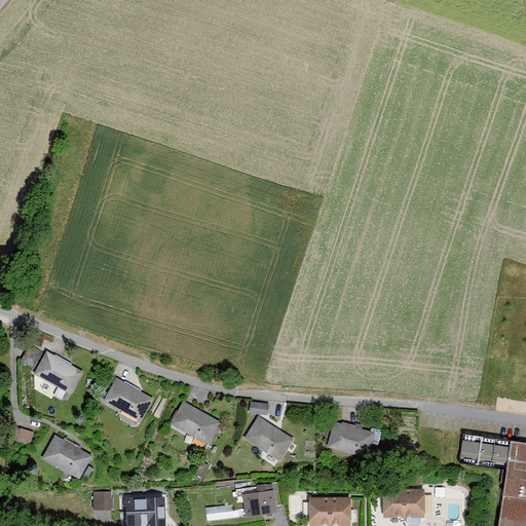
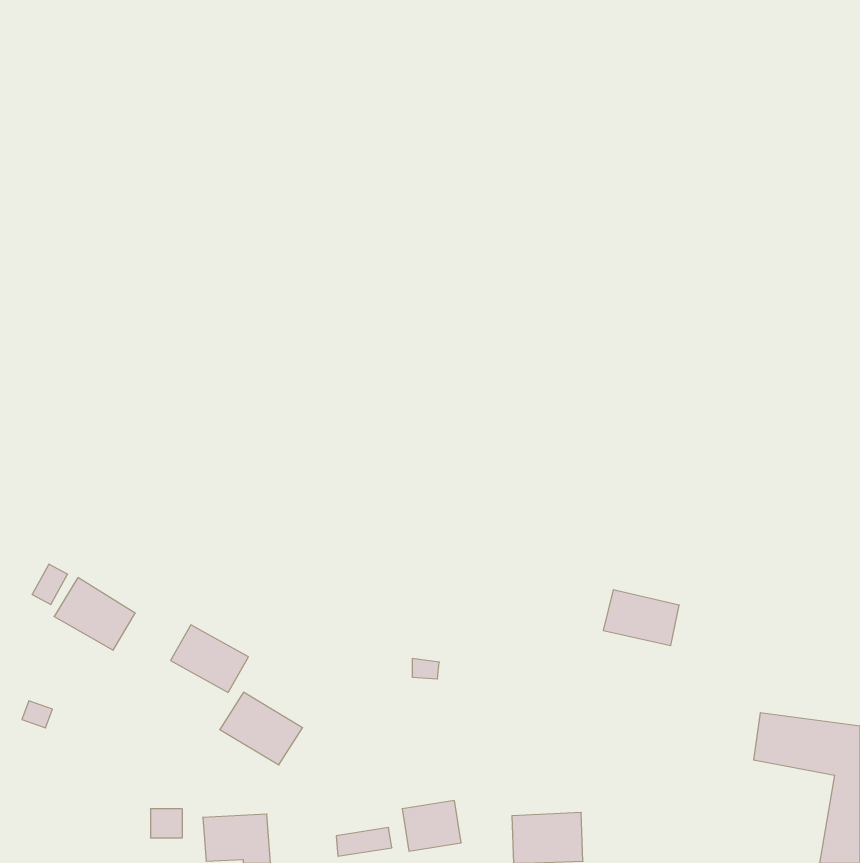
building: [172,401,222,445] -> [220,692,303,765]
building: [245,416,296,461] -> none
building: [331,421,377,455] -> [603,590,679,646]
building: [42,436,91,478] -> none
building: [384,489,426,519] -> none

